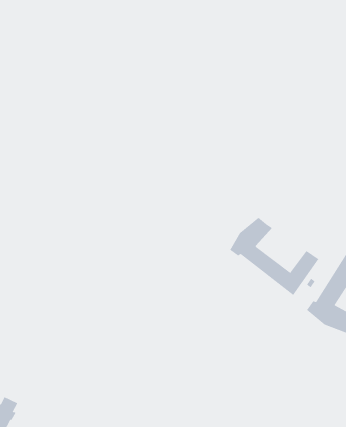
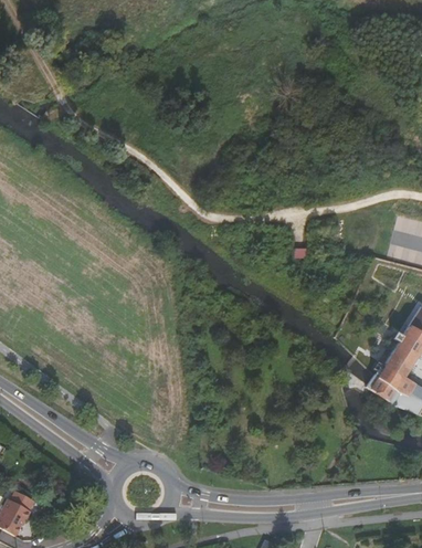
building: [229,217,319,296] -> none

